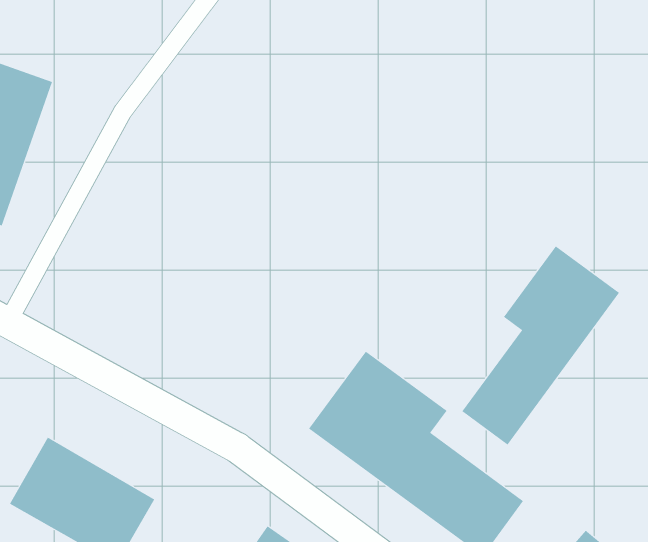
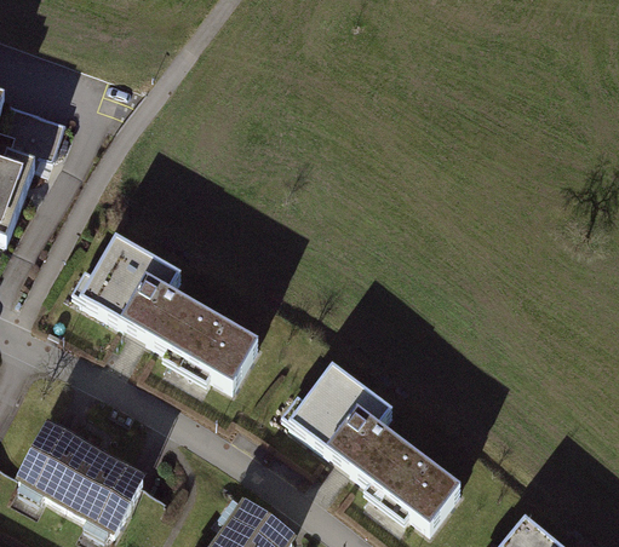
building: none -> [68,228,263,395]
building: [462,246,620,445] -> none

